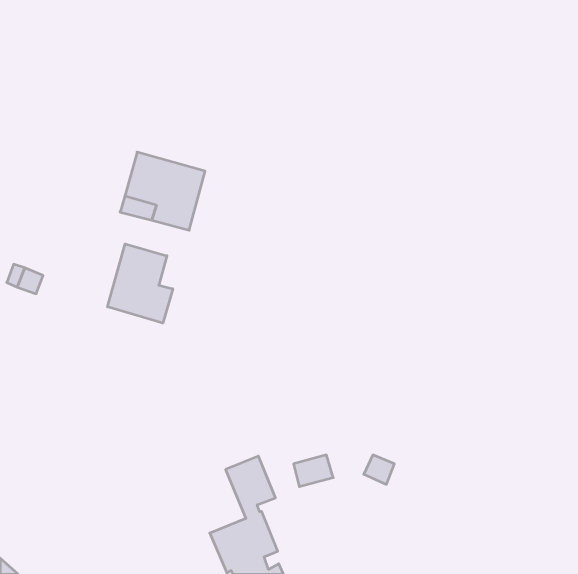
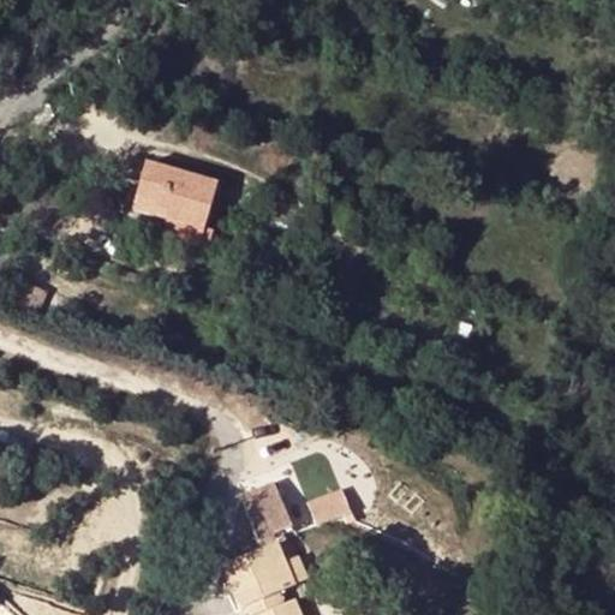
building: [108,244,173,323] -> none

